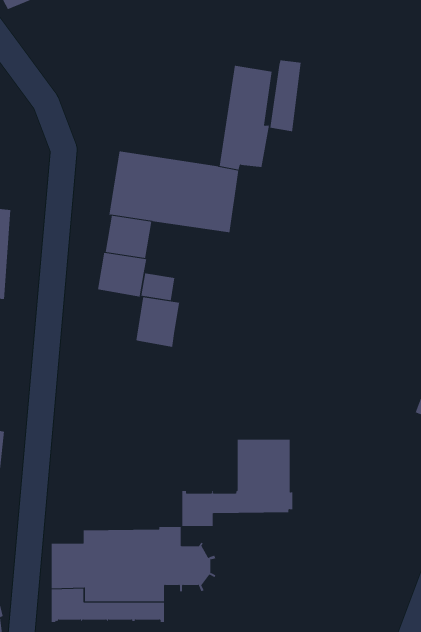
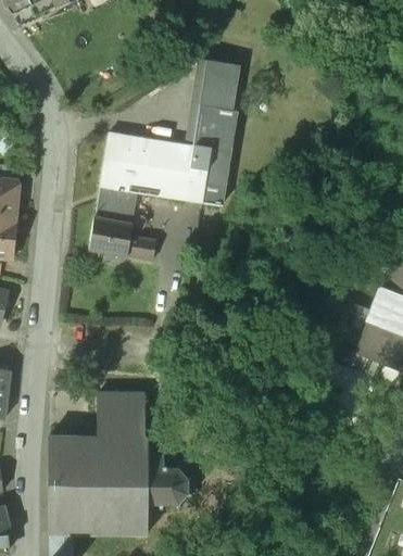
building: [270,60,302,132] -> [202,144,229,205]
building: [136,297,180,348] -> none
building: [182,439,293,526] -> [50,391,144,465]

